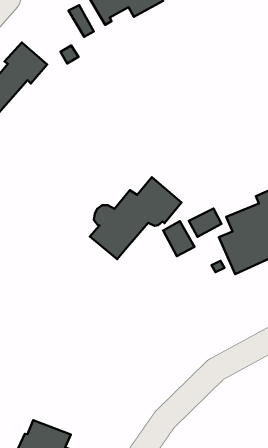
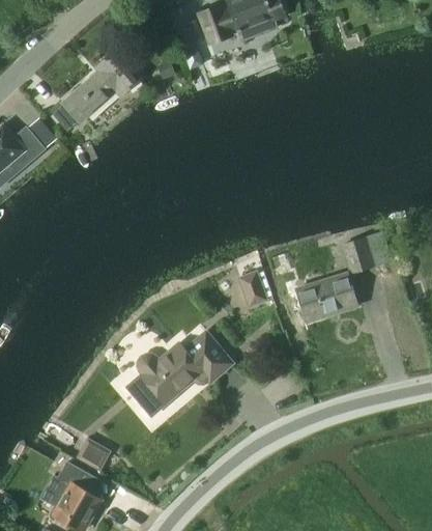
building: [90,177,181,259] -> [128,330,233,413]
building: [189,208,221,237] -> none
building: none -> [76,438,112,472]

